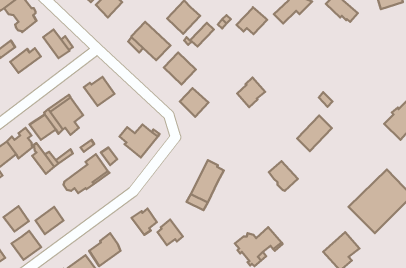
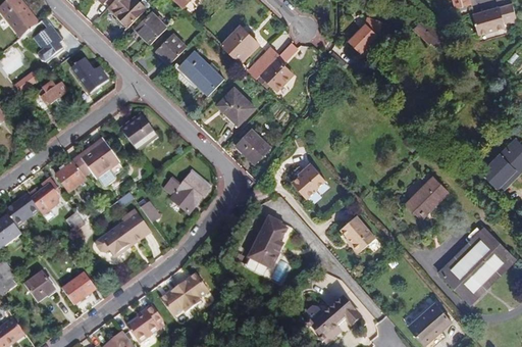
building: [237,7,267,34] -> [257,57,294,90]
building: none -> [156,32,187,62]
building: [237,77,265,107] -> [293,164,326,200]
building: [297,116,332,151] -> [406,176,448,218]
building: [157,220,183,245] -> [162,285,193,315]
building: [12,231,41,260] -> none

